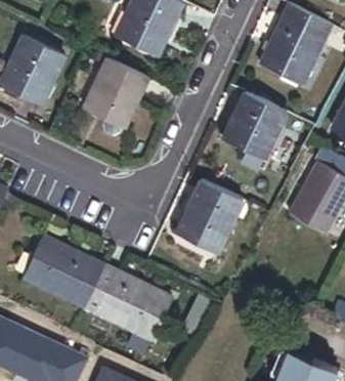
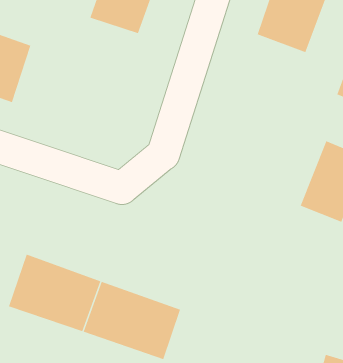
building: [88,57,148,124] -> none
building: [223,92,285,158] -> none
building: [175,179,242,252] -> none

